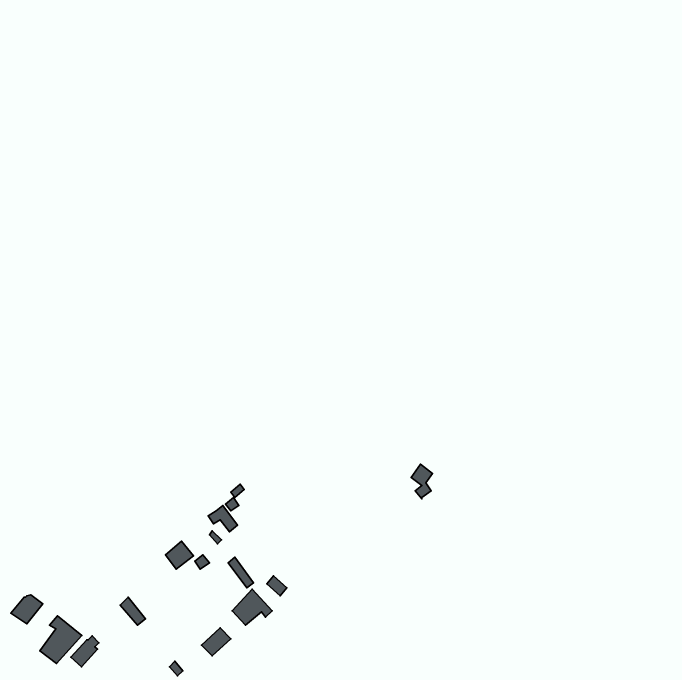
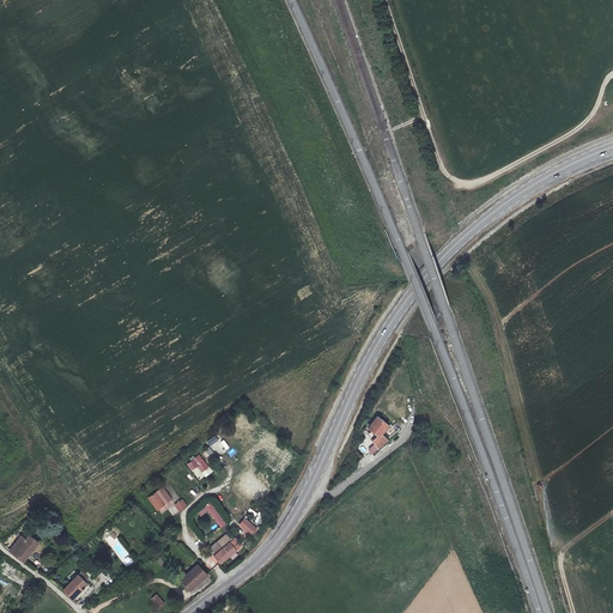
building: [40,616,82,664] -> none

